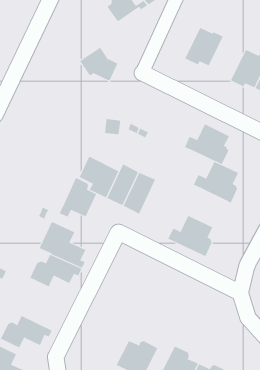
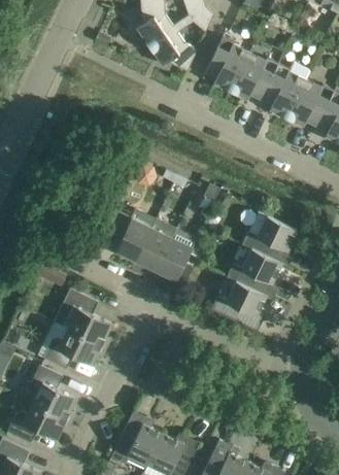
building: none -> [205,36,250,91]
building: none -> [262,62,310,117]
building: [79,47,118,81] -> [150,29,198,71]
building: [184,123,230,165] -> [227,248,282,299]
building: [59,177,97,218] -> none
building: none -> [31,365,76,421]
building: none -> [111,411,164,464]

